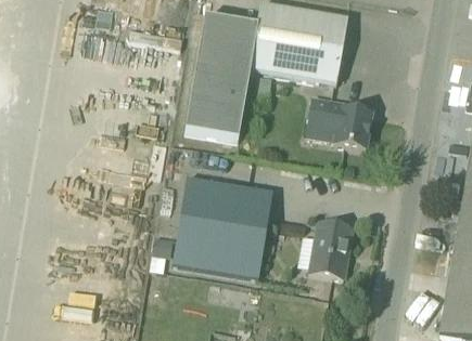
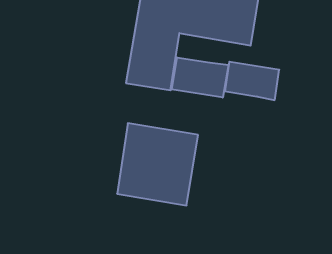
building: none -> [172,57,228,98]
building: [309,220,352,276] -> none

